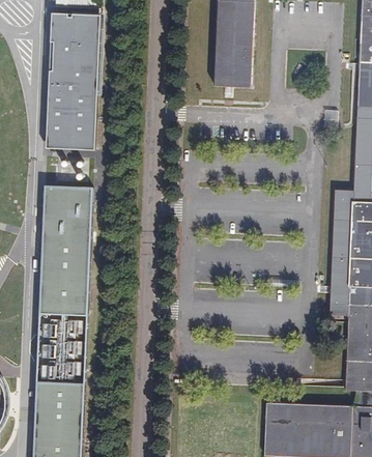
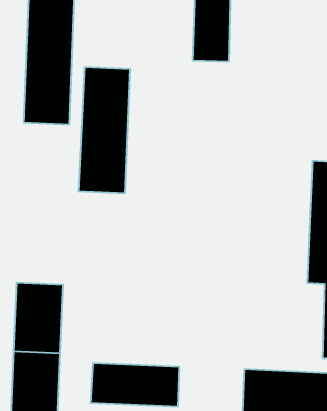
building: [37,185,90,314] -> [78,67,130,193]
building: none -> [91,363,179,407]

